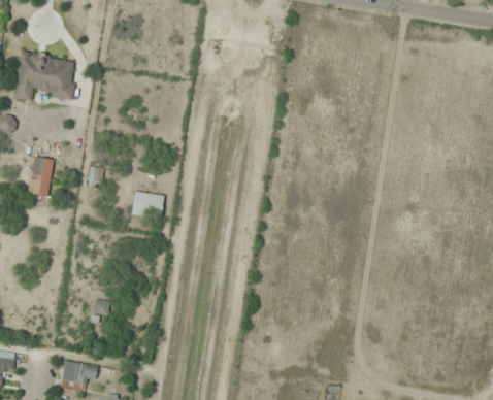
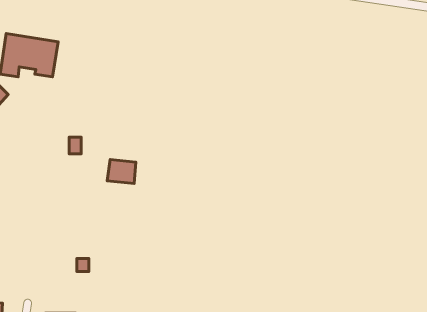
building: [30,158,51,195] -> none

